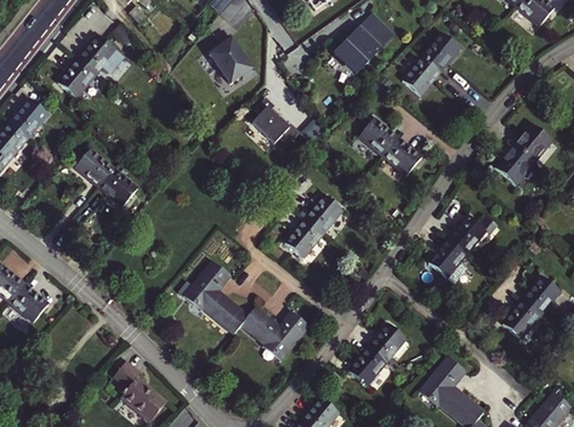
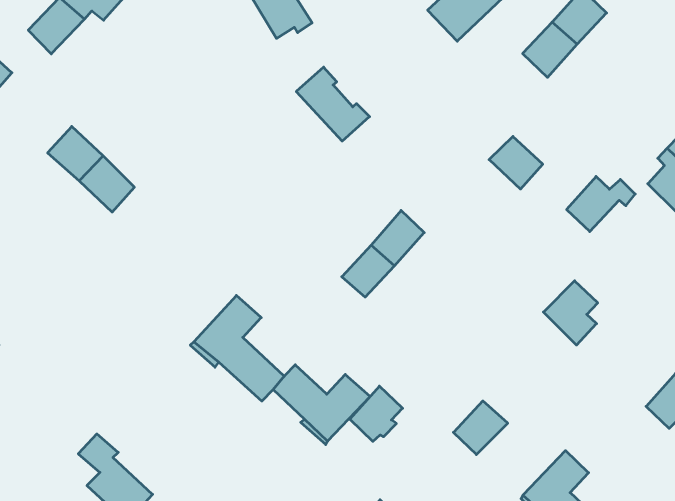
building: [360,118,399,155] -> none
building: [448,212,495,251] -> [567,176,635,232]
building: [349,347,386,386] -> [350,386,403,441]

